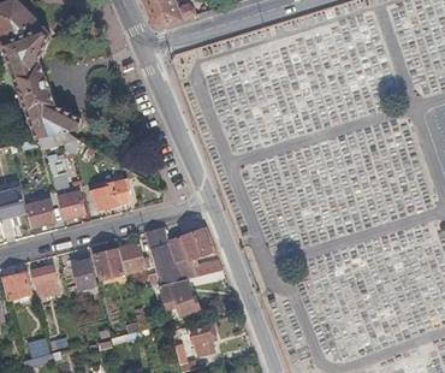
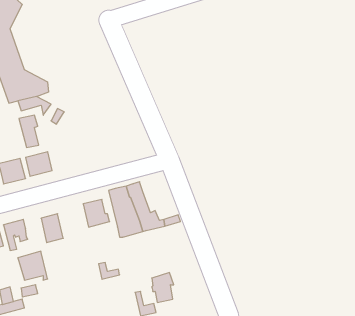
building: [89,179,129,211] -> none
building: [182,229,218,259] -> none
building: [91,249,124,280] -> [18,251,48,280]
building: [160,278,198,313] -> none

